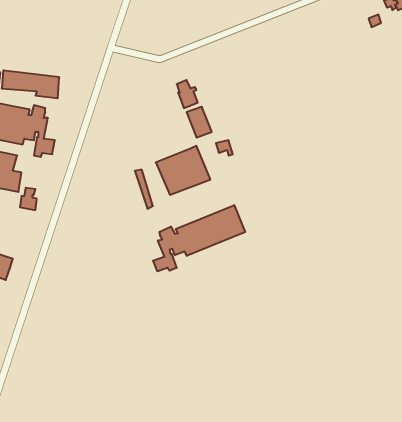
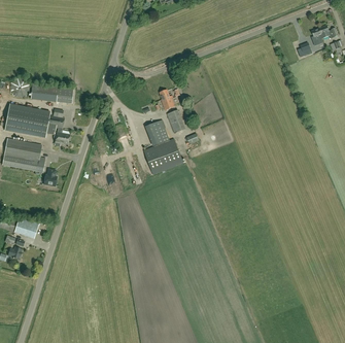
building: none -> [145,119,169,146]
building: [153,205,245,271] -> none

